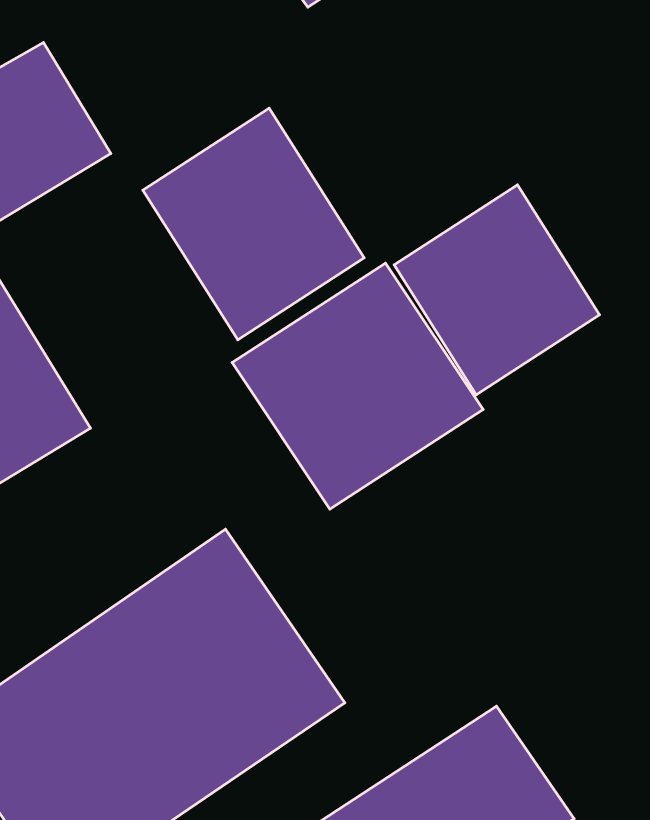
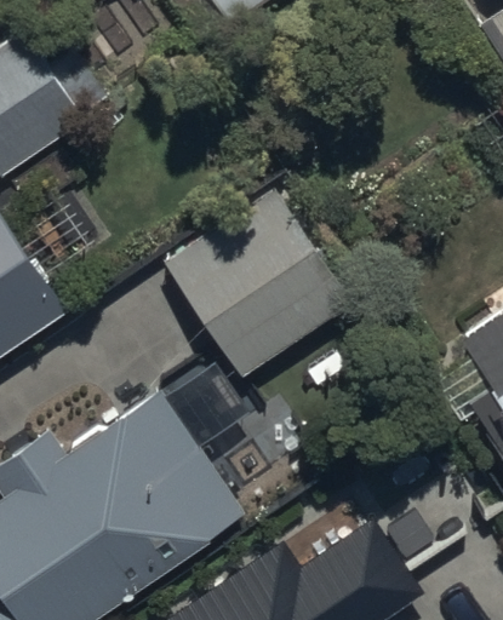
building: [143,108,364,340] -> none
building: [394,185,599,395] -> none

